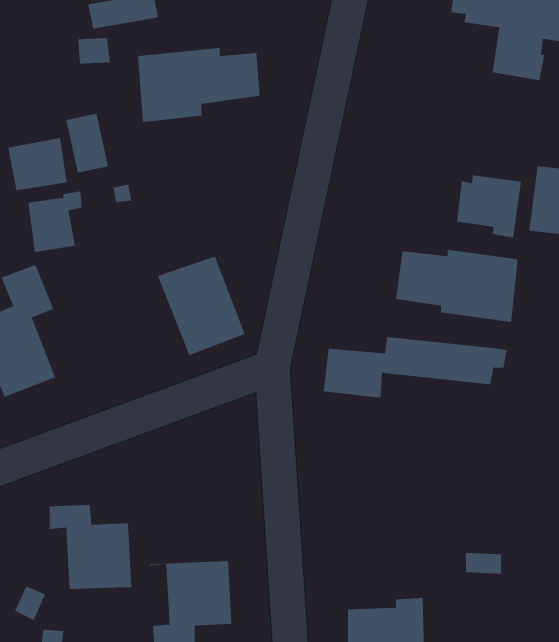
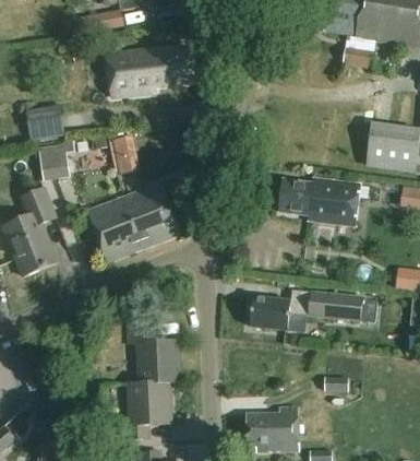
building: [66,113,109,173] -> [110,134,139,174]
building: [457,174,521,238] -> none
building: none -> [86,196,143,262]
building: [323,336,508,398] -> [249,289,370,330]
building: [49,505,132,590] -> [125,328,180,383]

